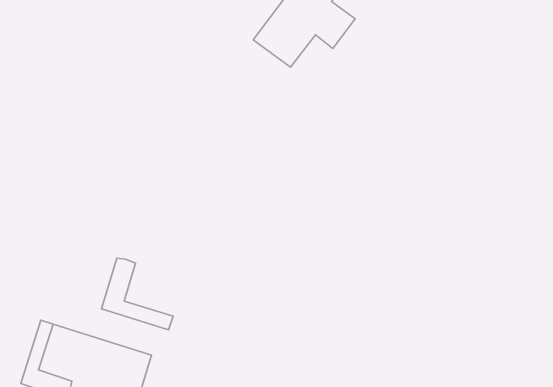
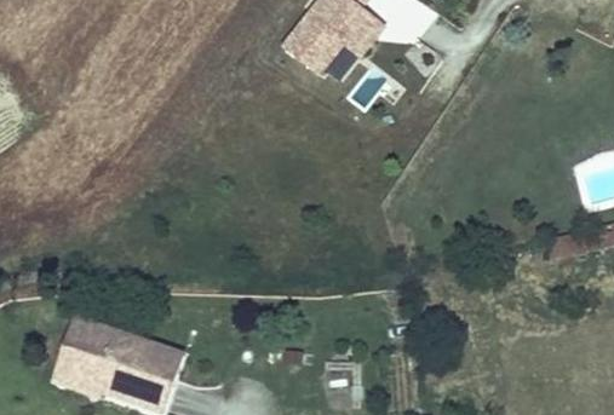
building: [102,258,173,330] -> none

